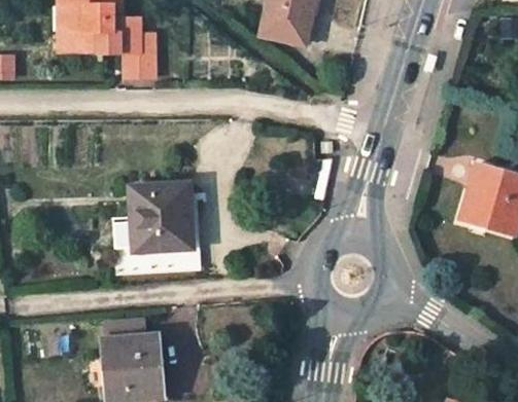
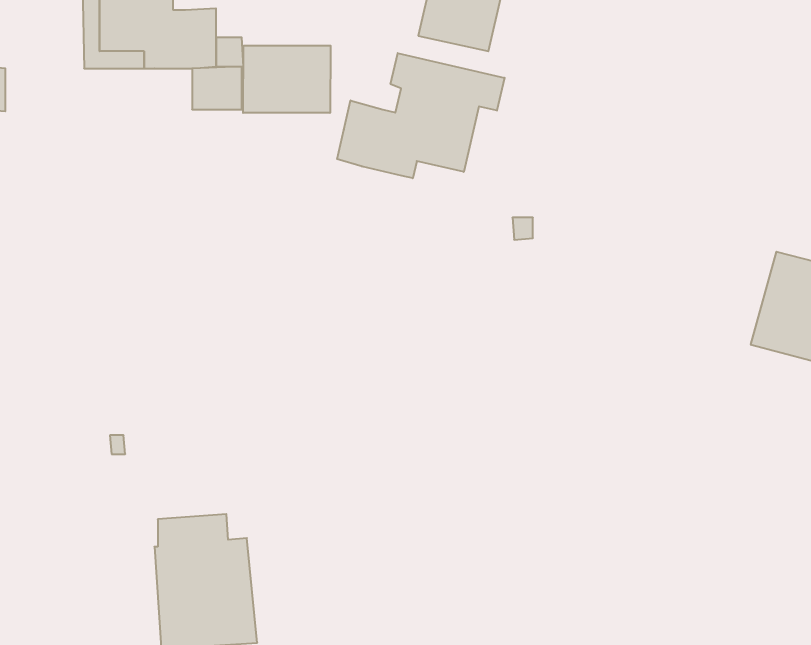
building: none -> [243,46,331,113]
building: none -> [337,53,505,178]
building: [115,183,194,272] -> none

